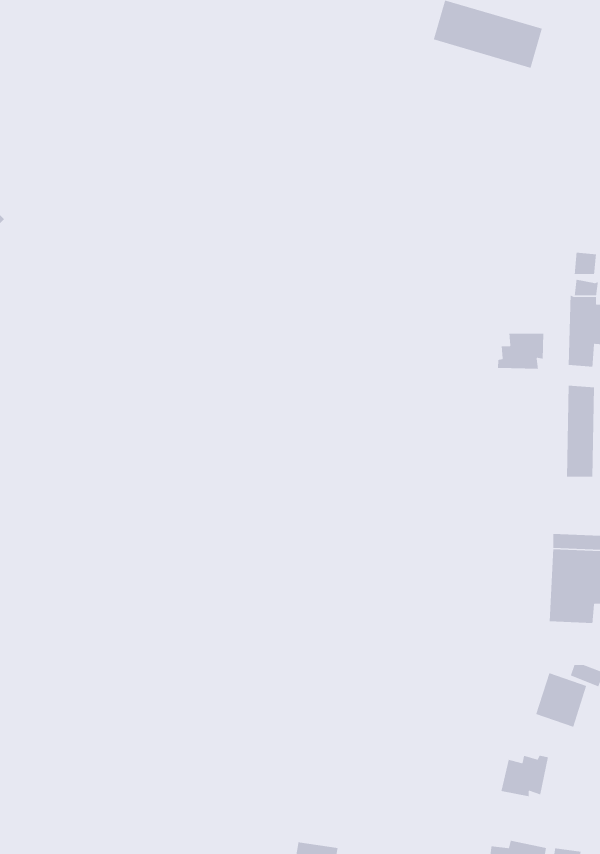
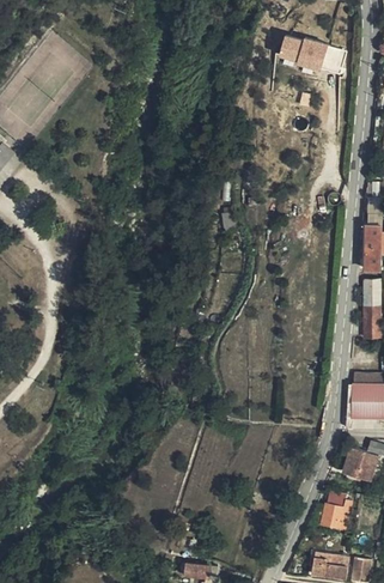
building: [497,333,544,370] -> none

